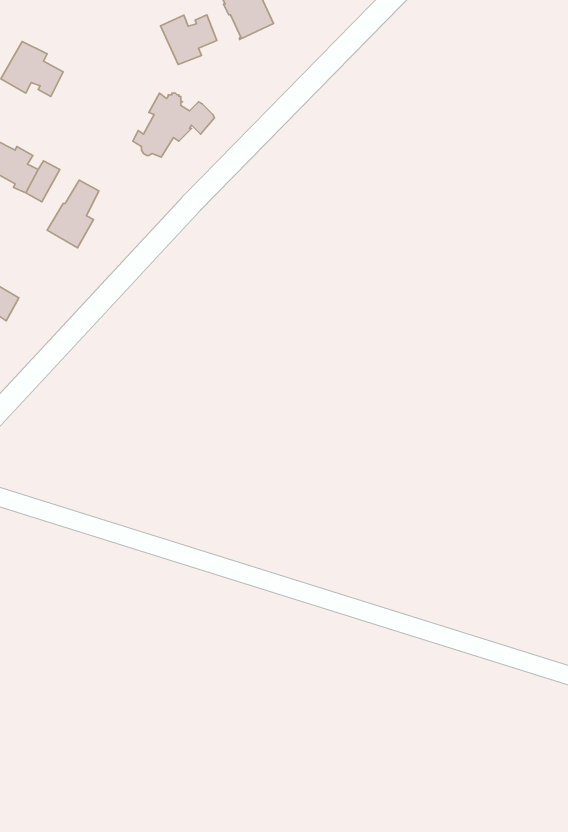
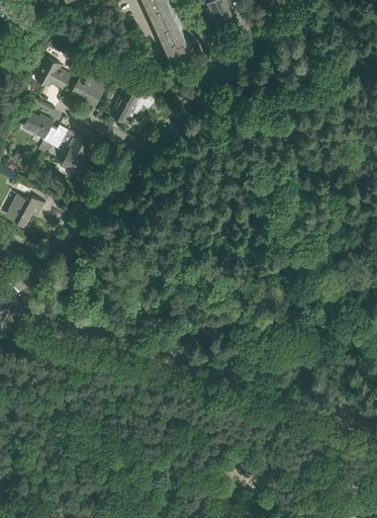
building: [160,15,217,65] -> none
building: none -> [70,77,105,104]

